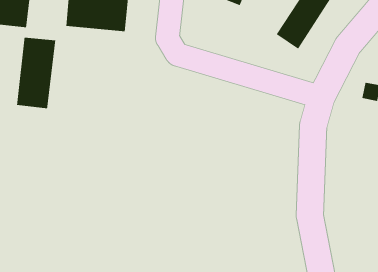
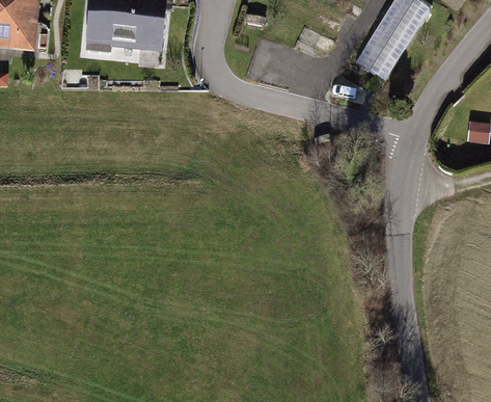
building: [16,37,56,109] -> none

